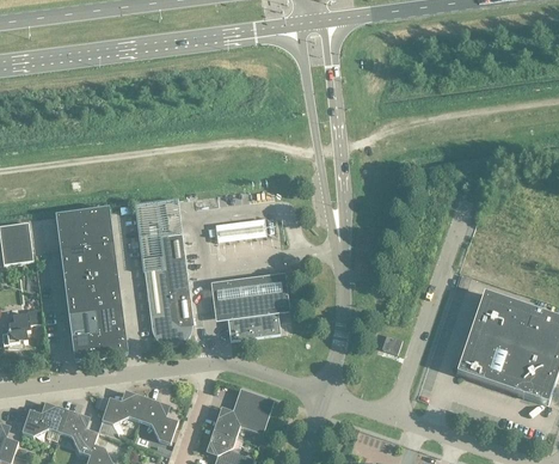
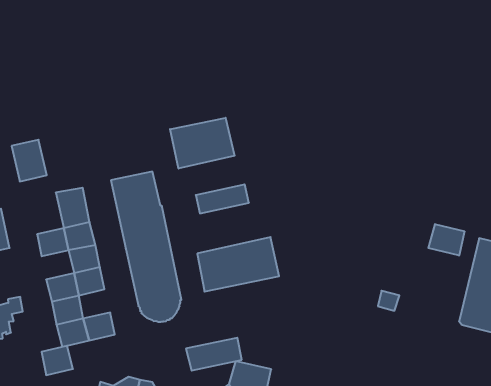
building: none -> [170,118,235,169]
building: [56,212,87,250] -> [12,140,47,181]
building: [63,268,93,294] -> none
building: none -> [428,224,464,256]
building: [96,309,124,335] -> [42,346,73,375]
building: [227,312,280,340] -> [186,338,242,371]

